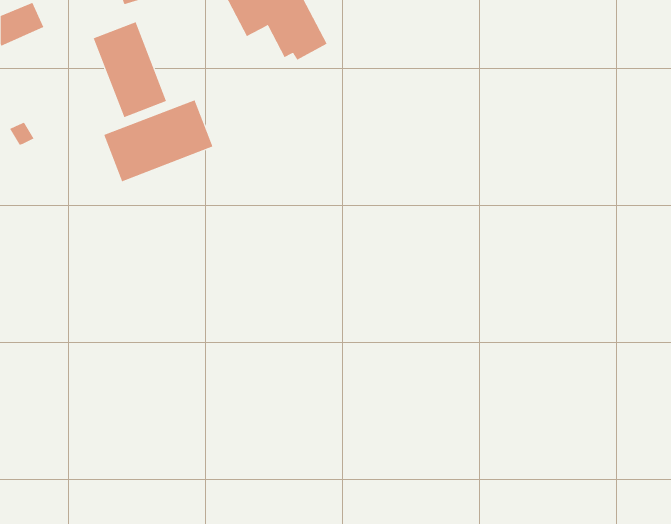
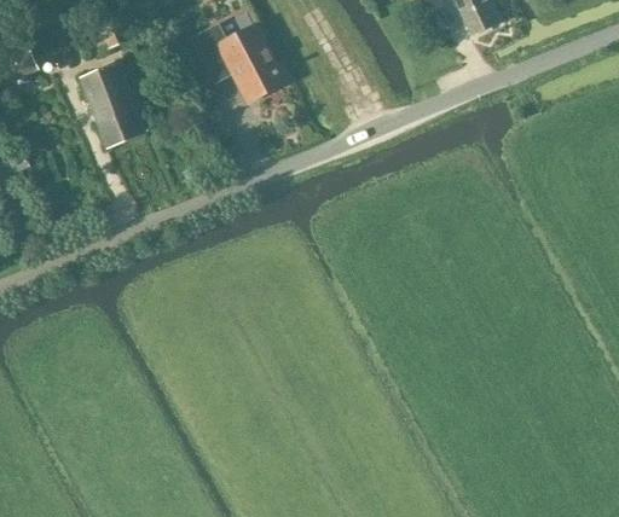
building: [104,99,213,182] -> none

